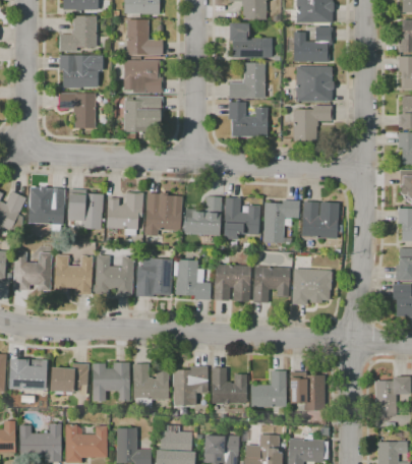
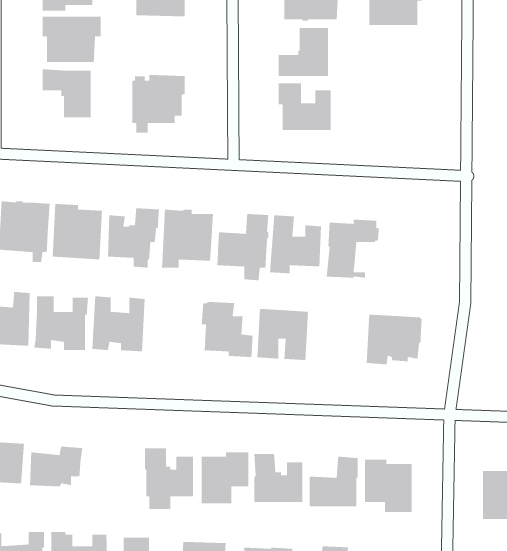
building: [124,59,163,93] -> none
building: [297,65,335,101] -> none
building: [294,105,333,140] -> none
building: [302,200,340,238] -> none
building: [136,256,172,296] -> none
building: [253,266,290,302] -> none
building: [93,361,130,401] -> none

